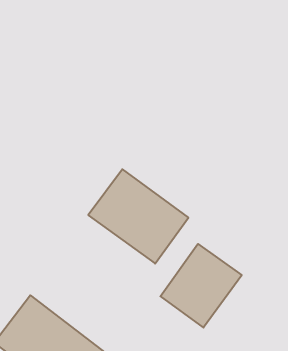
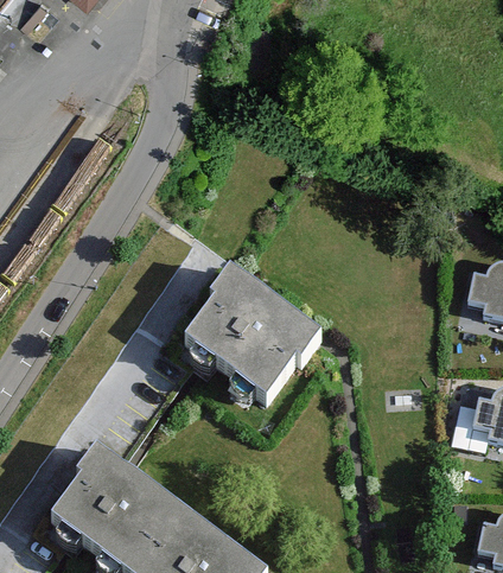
building: [160,244,242,328] -> none

